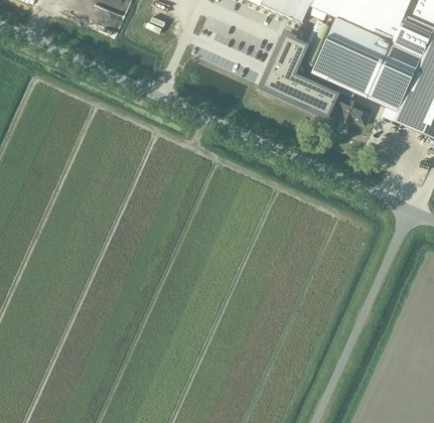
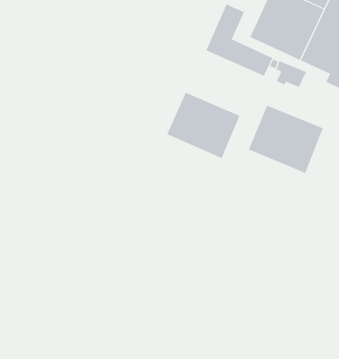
building: none -> [167,92,240,159]
building: none -> [248,105,324,174]

